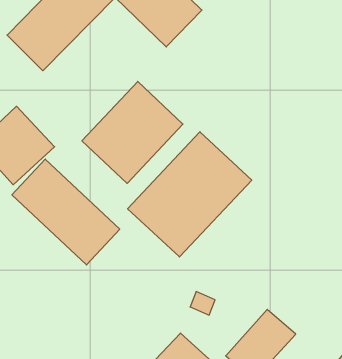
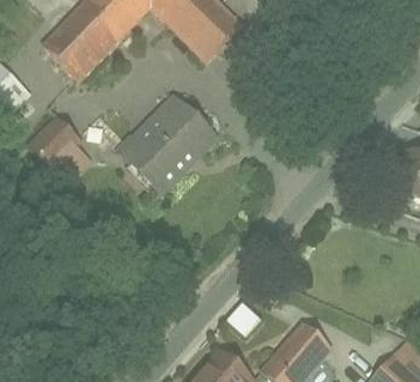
building: [128,132,252,257] -> none
building: [12,159,120,265] -> none

